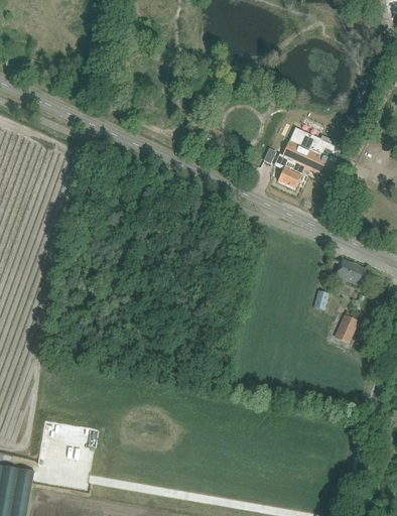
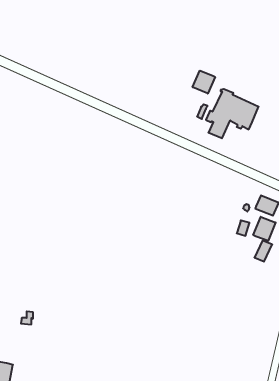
building: none -> [193,71,215,94]
building: none -> [253,217,276,241]

